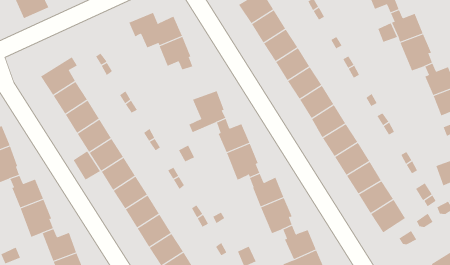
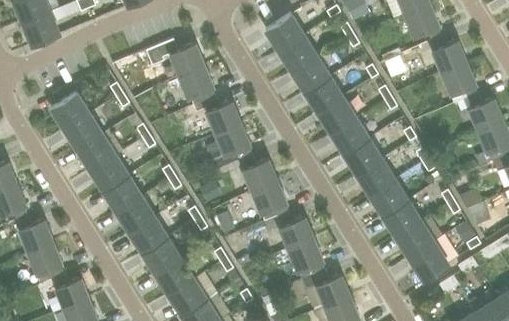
building: none -> [203,97,241,133]
building: [73,151,101,181] -> none

